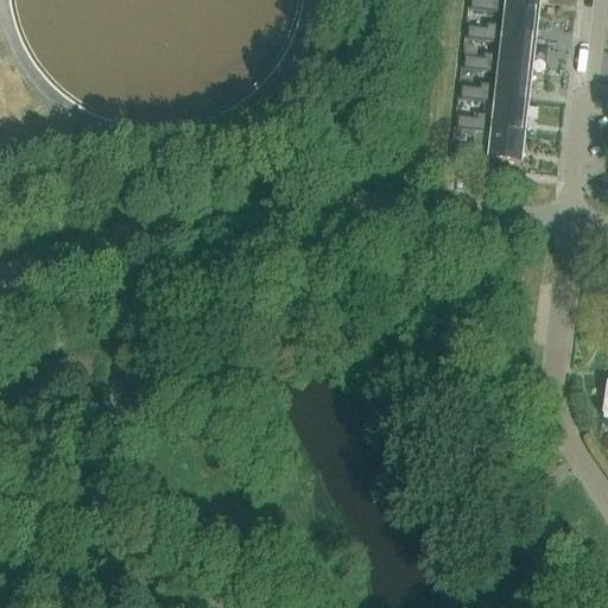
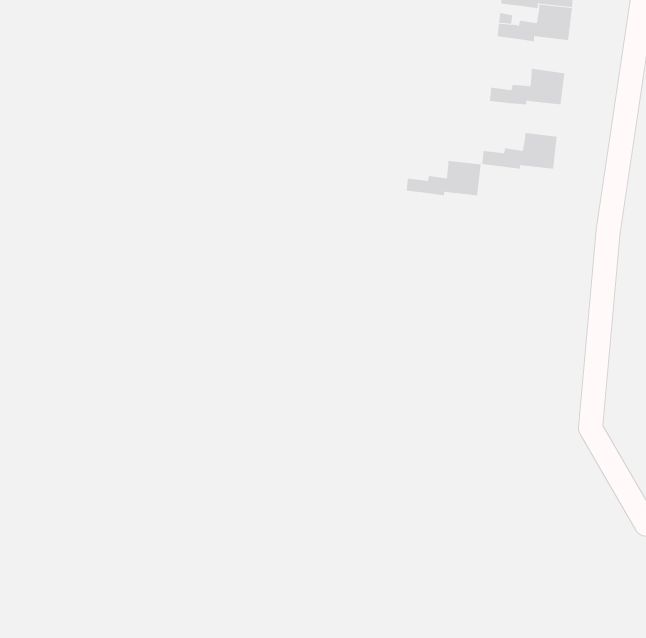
building: [463,34,534,69] -> none
building: [456,95,527,128] -> [406,160,482,196]

